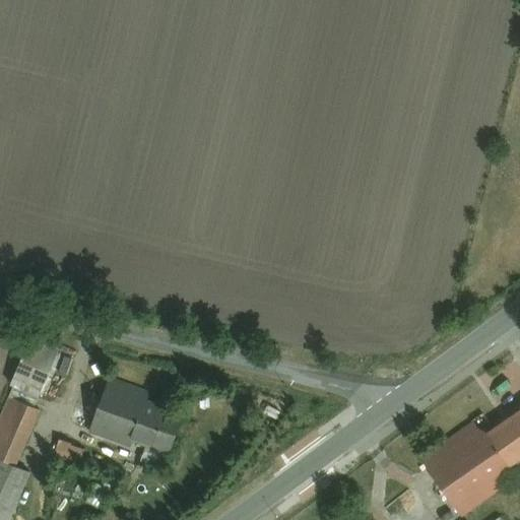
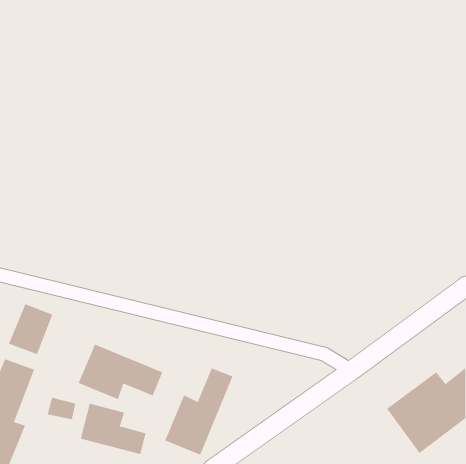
building: none -> [165,367,233,456]
building: none -> [80,403,146,455]

